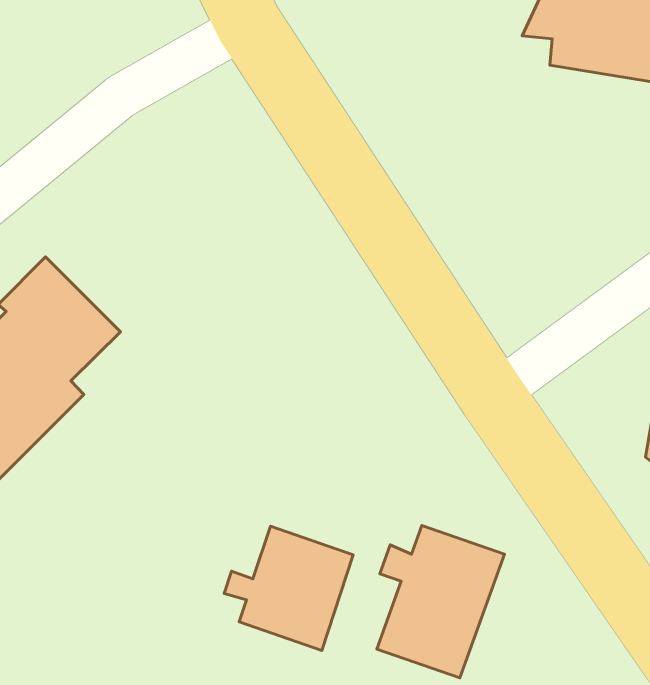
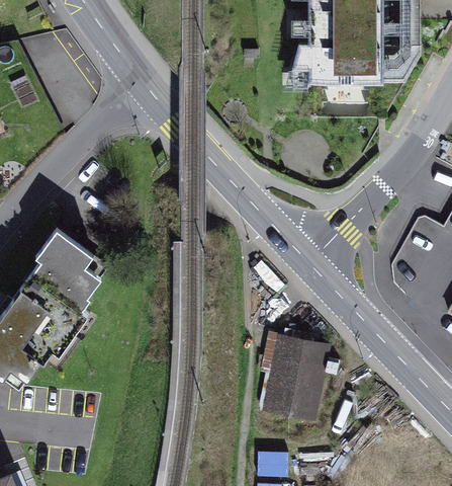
building: [224,526,353,651] -> none

